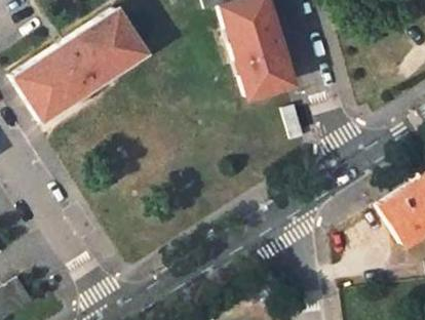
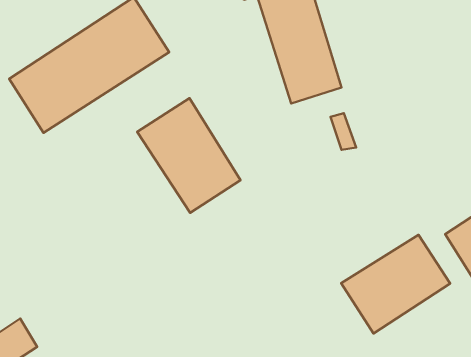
building: none -> [137,98,241,213]
building: none -> [341,235,450,334]

